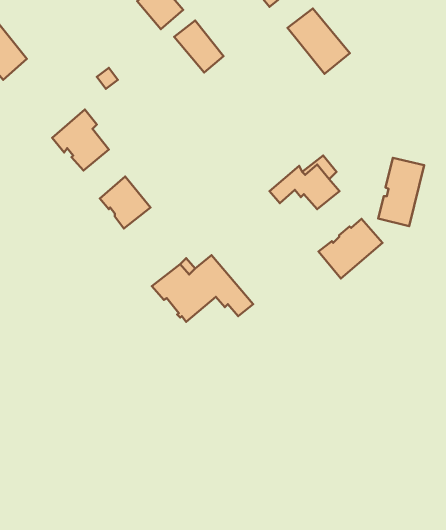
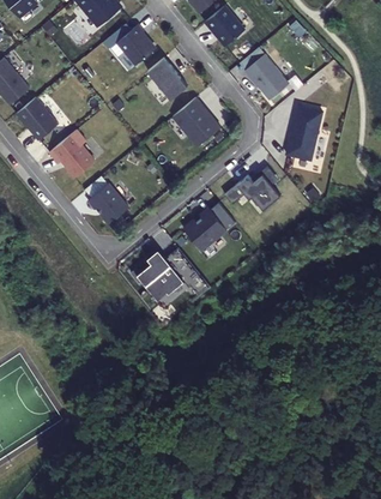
building: none -> [16,97,58,140]
building: none -> [173,98,220,148]
building: [378,158,424,226] -> [285,106,322,161]
building: [318,219,382,278] -> [183,203,235,251]

